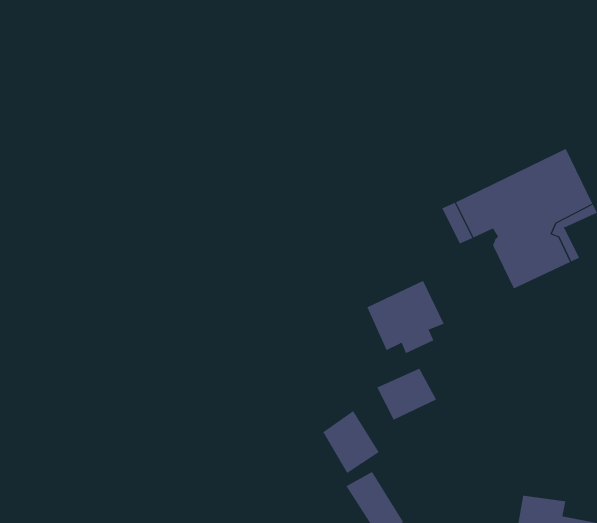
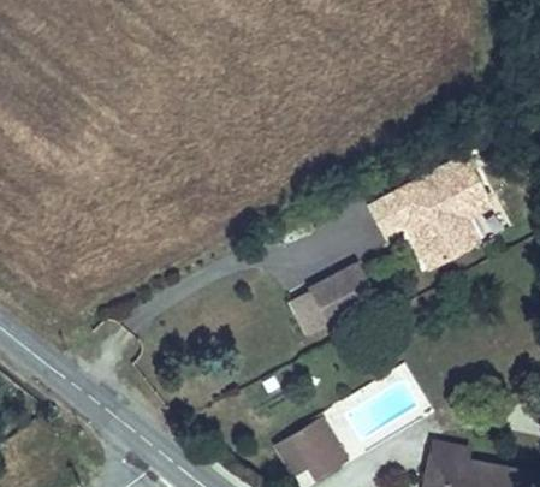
building: [377,368,437,420] -> none
building: [322,410,380,474] -> none

